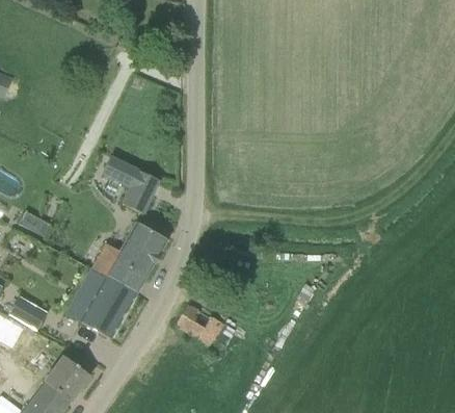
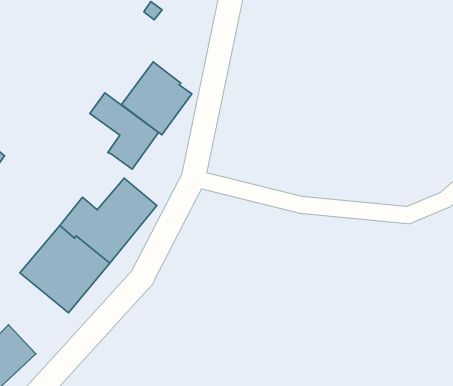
building: none -> [122,62,192,135]
building: [176,304,222,344] -> none

